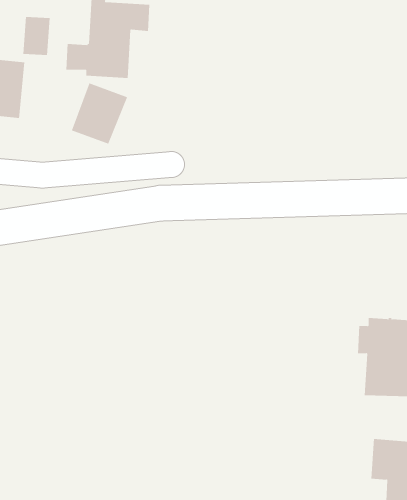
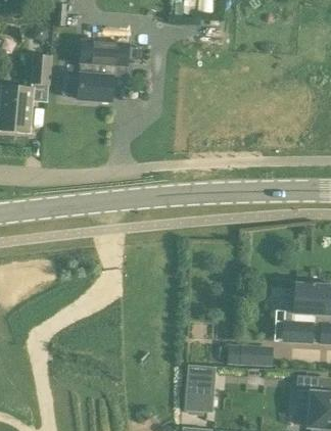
building: [71,82,128,145] -> none
building: none -> [227,344,274,366]
building: none -> [191,369,216,401]

